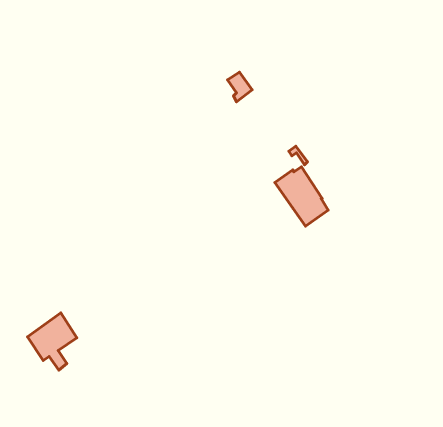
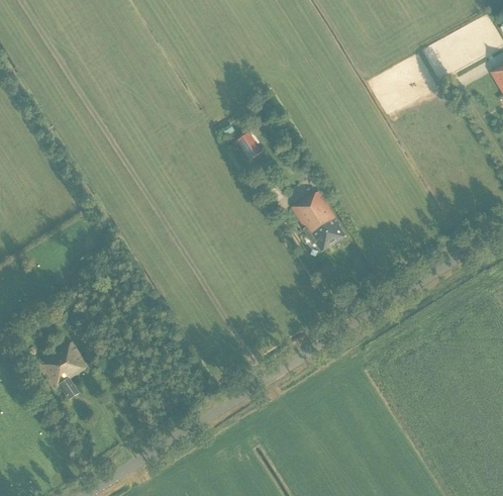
building: [228,72,252,102] -> [236,131,262,162]

